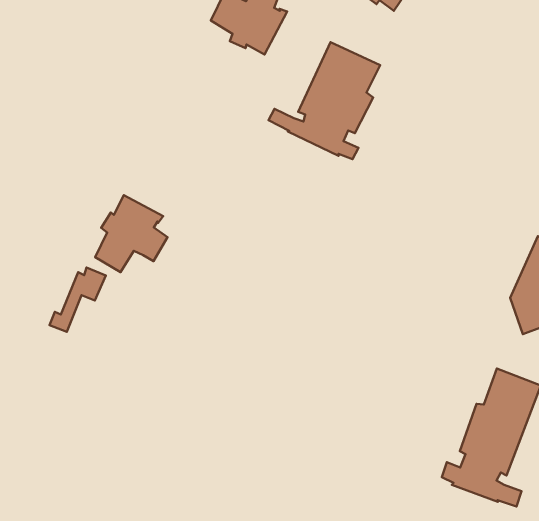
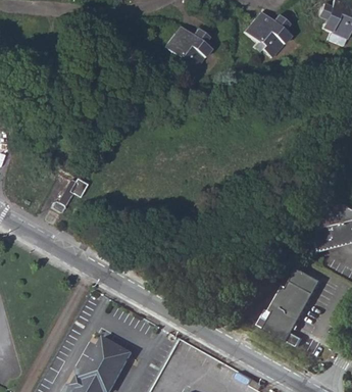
building: [269,42,380,159] -> none
building: [95,195,168,272] -> none

